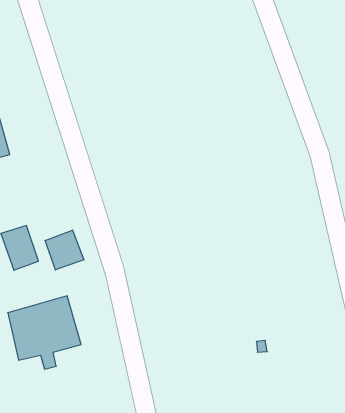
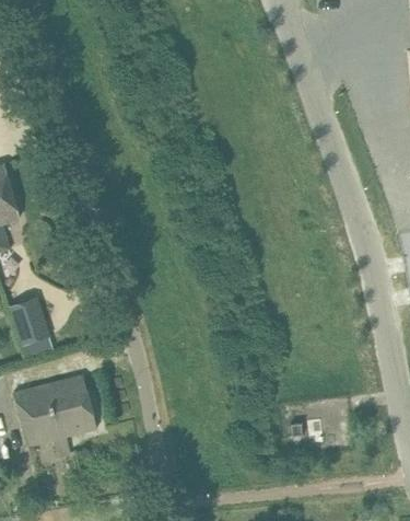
building: [45,230,84,270] -> none

